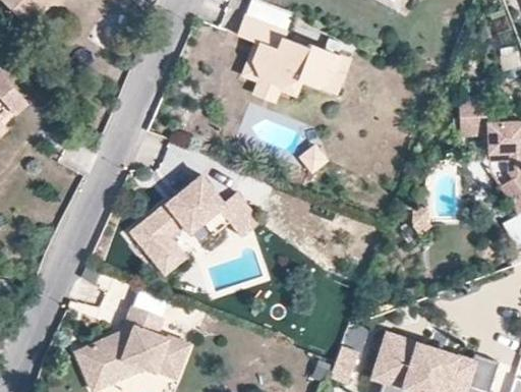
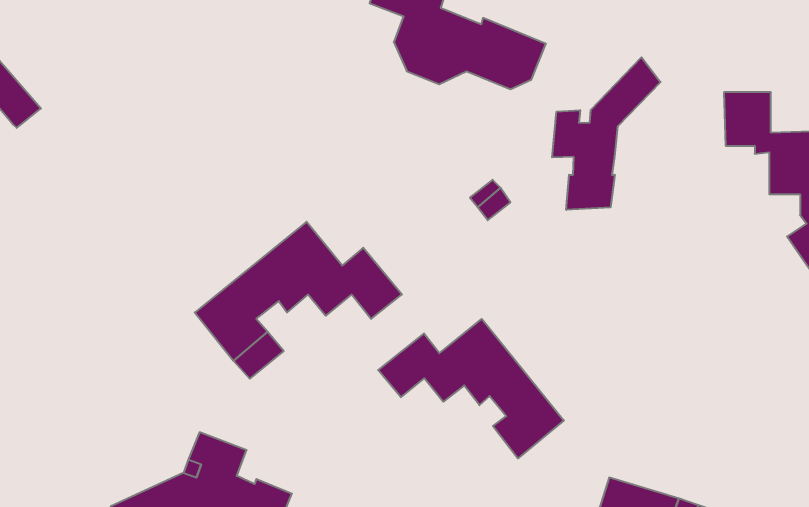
building: none -> [552,57,661,210]
building: none -> [378,319,564,458]

